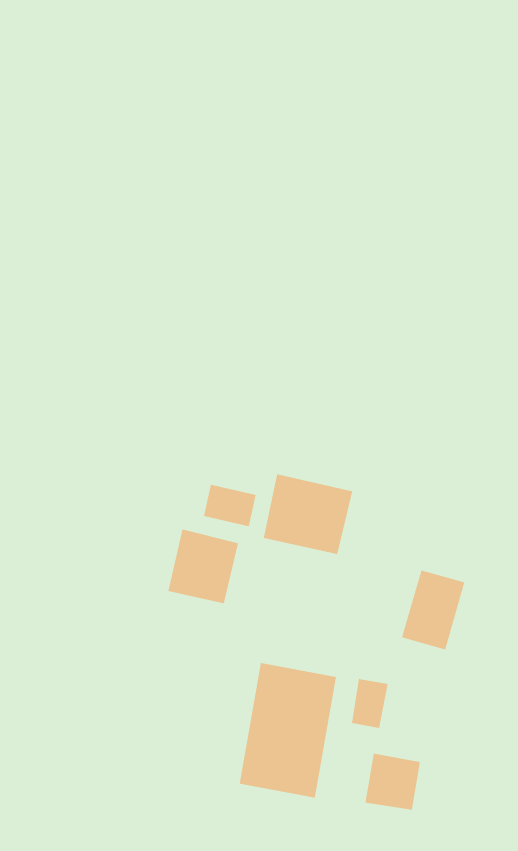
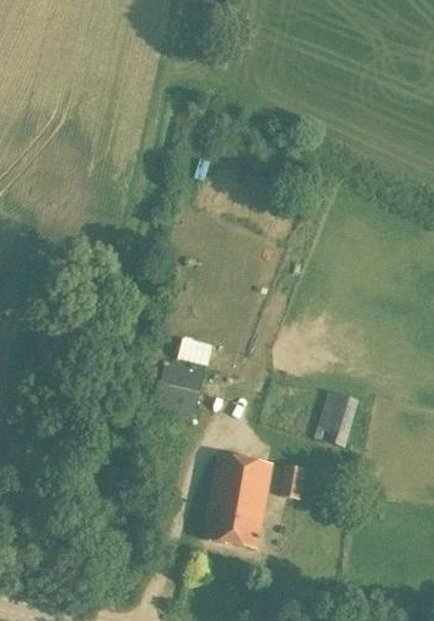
building: [263,473,353,555] -> none
building: [365,753,420,811] -> none

